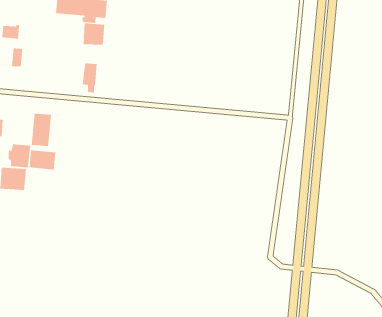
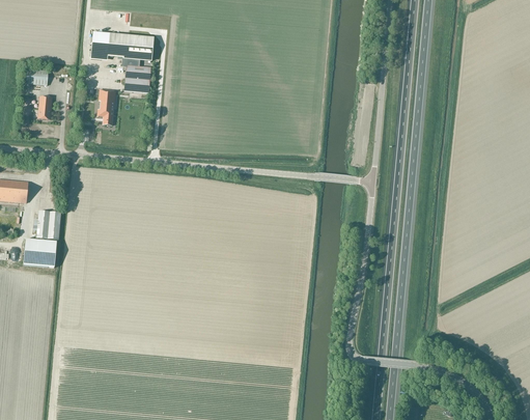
building: [82,63,97,93] -> [96,88,115,124]
building: [31,113,52,147] -> none
building: [29,149,56,170] -> none

